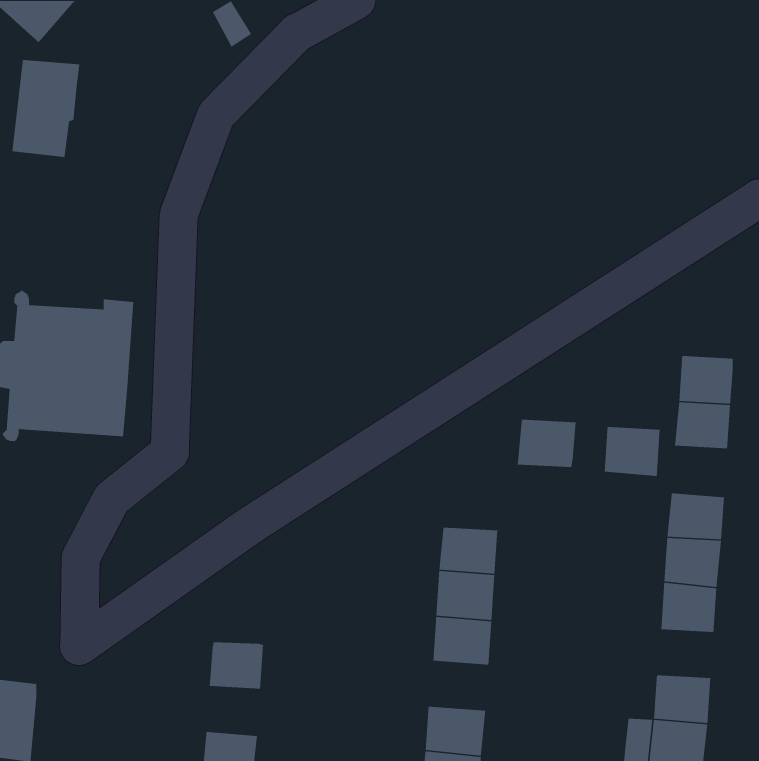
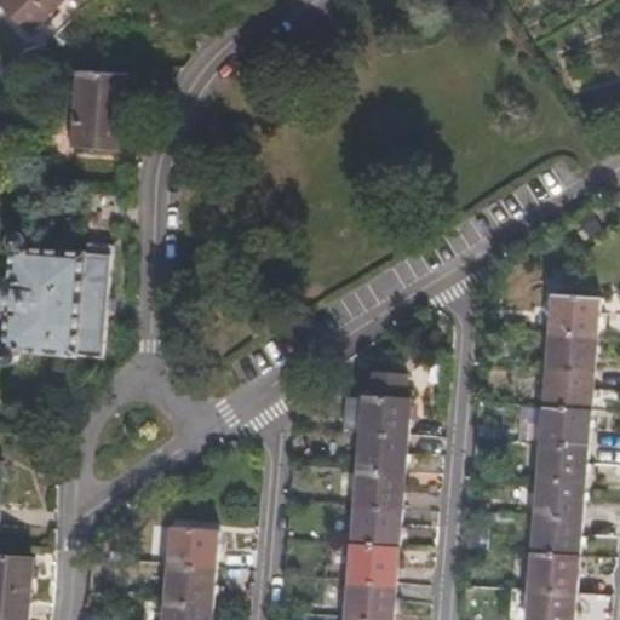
building: [12,59,80,158] -> [69,71,125,151]
building: [517,419,576,468] -> [360,391,408,431]
building: [604,426,661,477] -> [545,363,591,404]
building: none -> [533,512,580,551]
building: none -> [348,538,397,578]
building: none -> [167,558,212,598]

